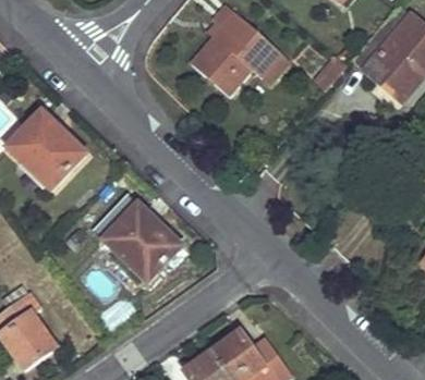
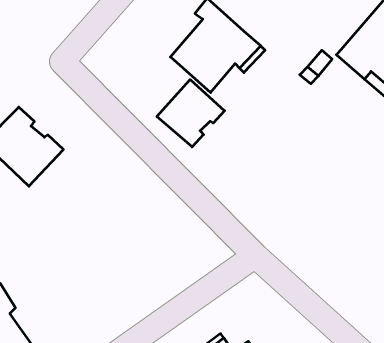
building: none -> [157,80,225,147]
building: [105,203,183,281] -> none

